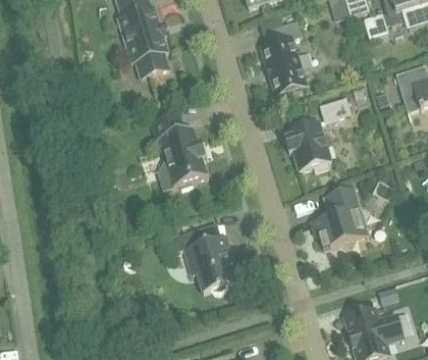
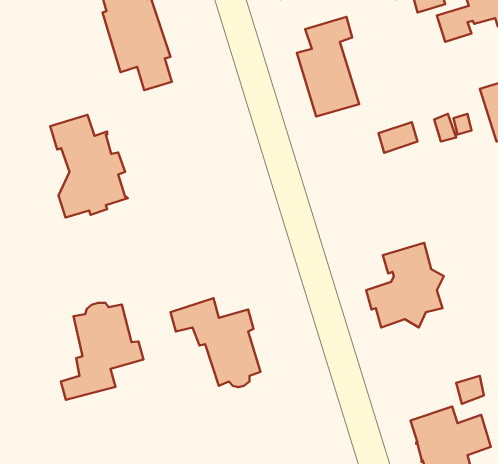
building: [152,114,209,190] -> [50,115,128,218]
building: [284,120,331,170] -> none
building: none -> [61,303,144,400]

